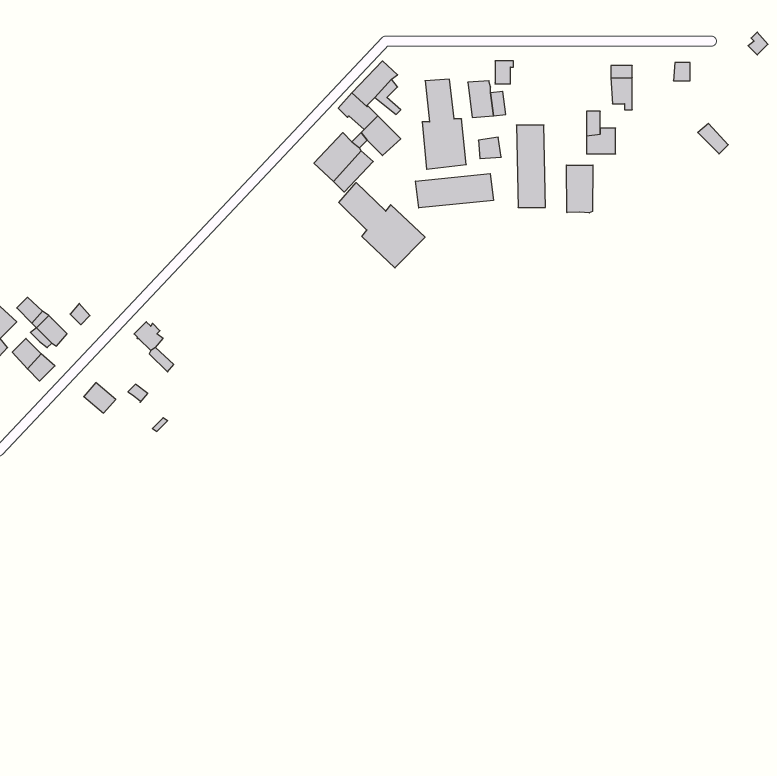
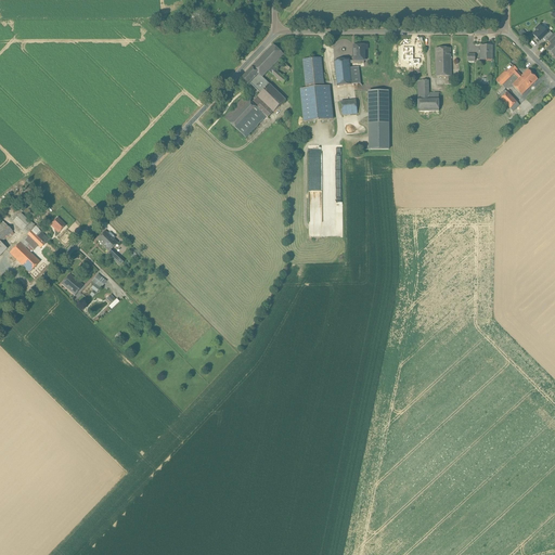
building: none -> [494,64,537,93]
building: [566,165,593,213] -> none
building: [416,174,493,208] -> none
building: [339,183,425,268] -> none

